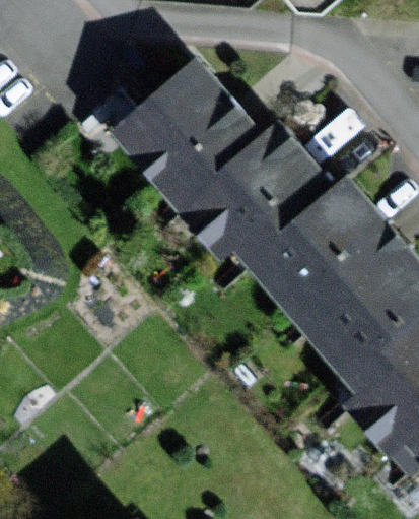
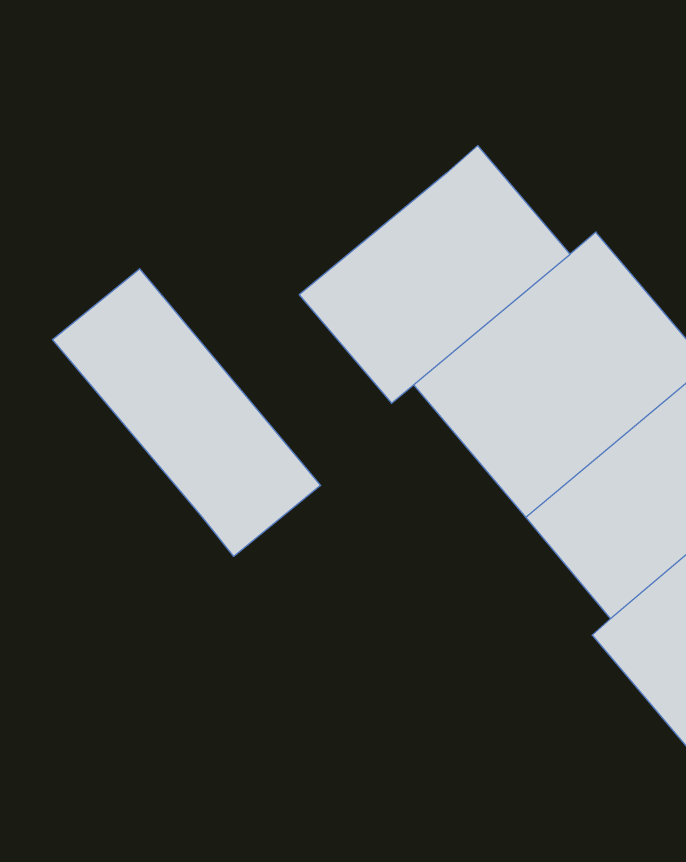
building: [120,66,259,202] -> none
building: none -> [53,269,321,556]

